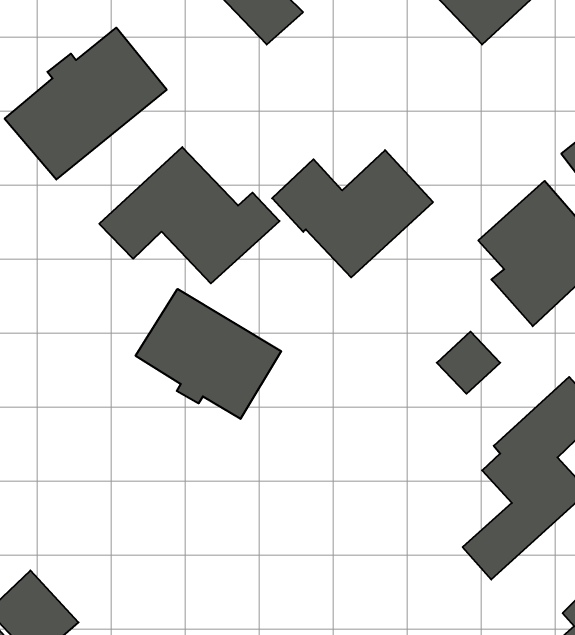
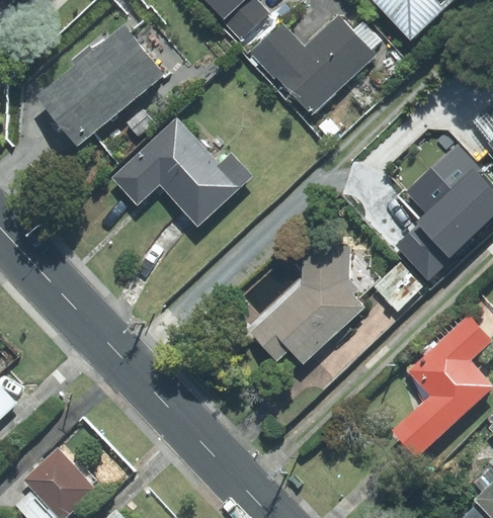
building: [272,150,433,277] -> [249,15,375,114]
building: none -> [395,224,450,281]
building: [136,289,281,419] -> none
building: none -> [251,246,380,364]

